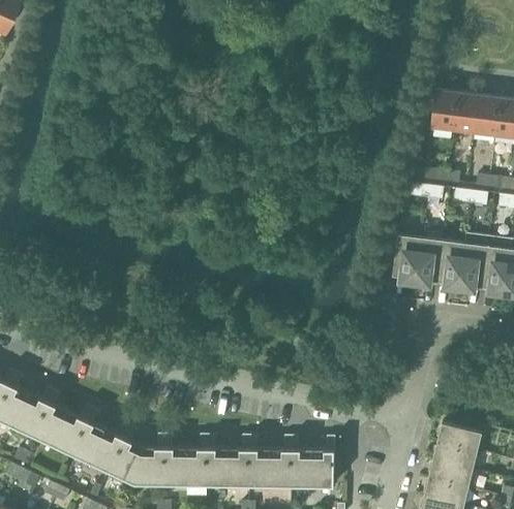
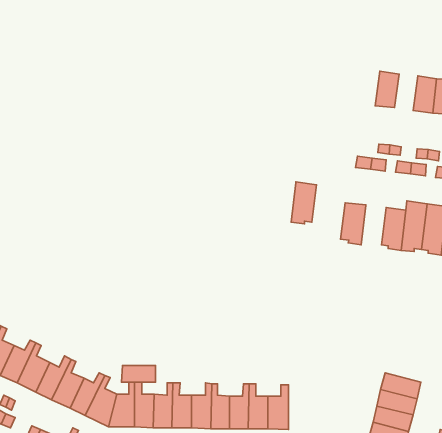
building: [453,95,479,135] -> none
building: [416,240,444,286] -> [291,182,316,224]
building: none -> [122,366,156,382]

